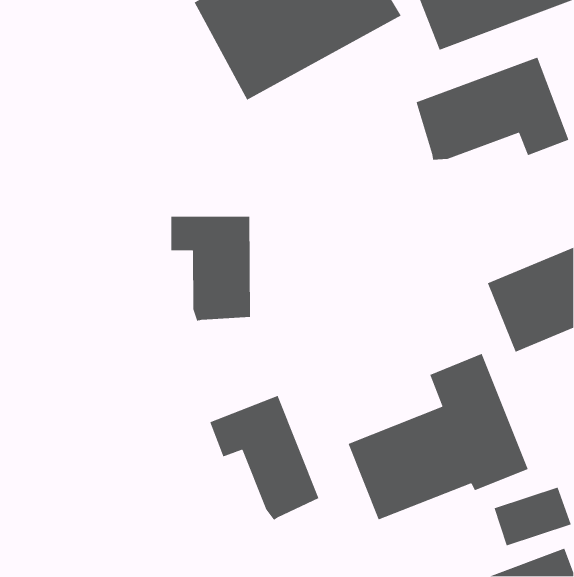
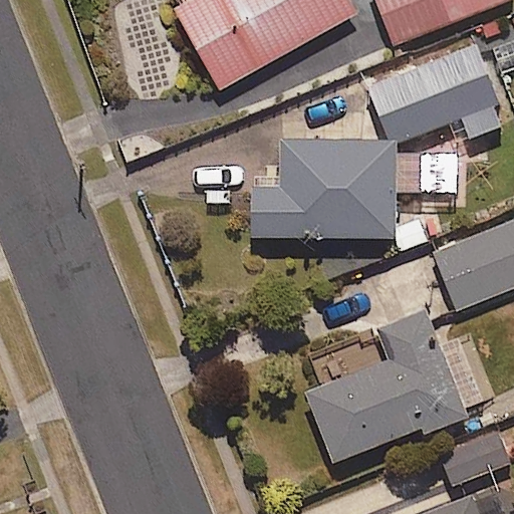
building: none -> [251,138,440,238]
building: [171,216,251,321] -> none
building: [209,395,319,521] -> none

